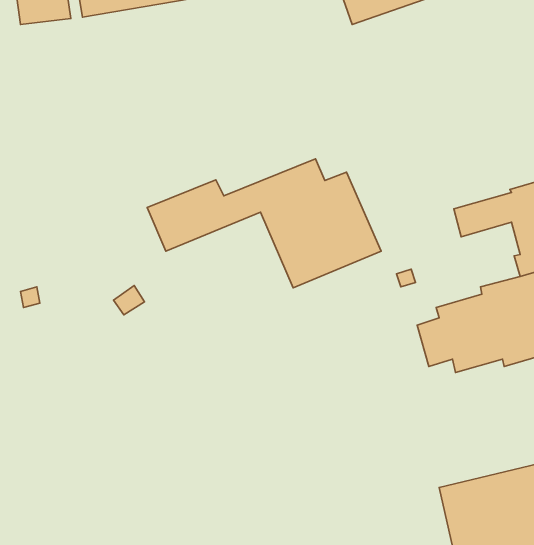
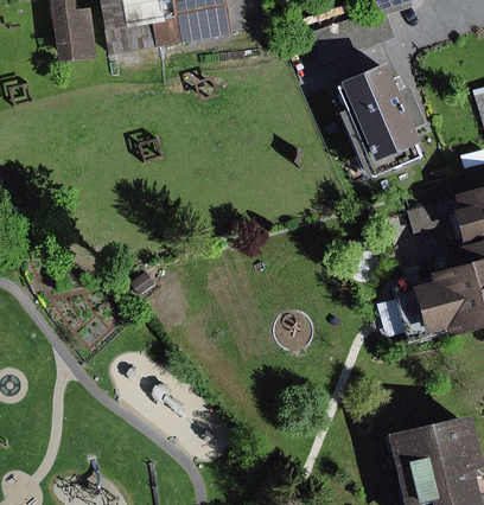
building: none -> [331,63,424,180]
building: [147,159,381,288] -> none

